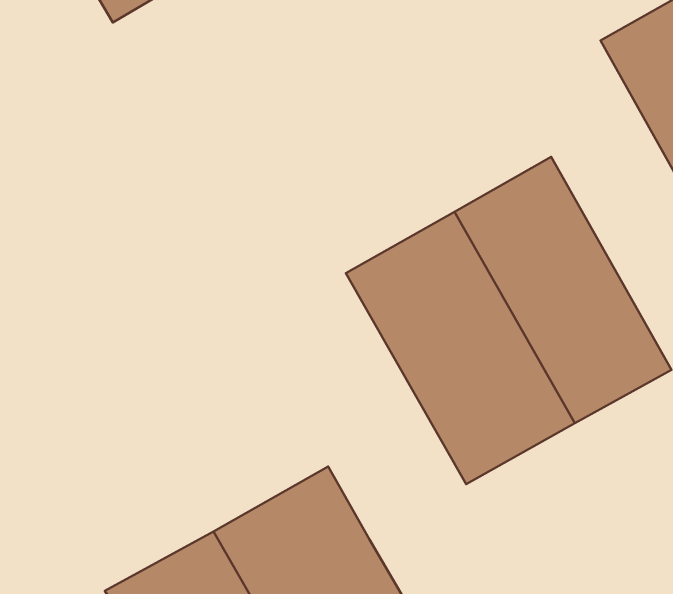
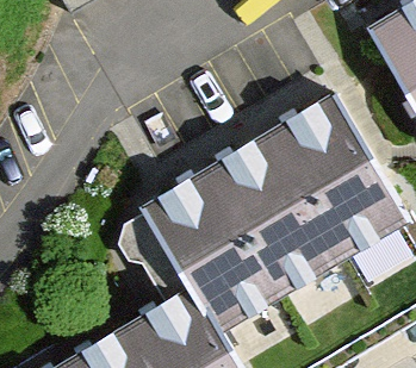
building: none -> [153,167,284,328]

